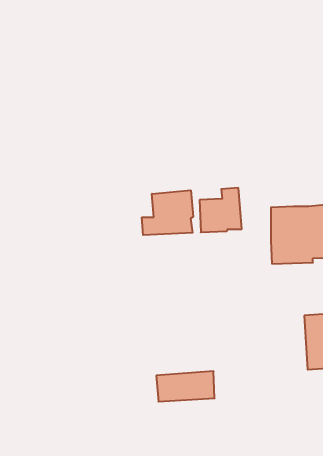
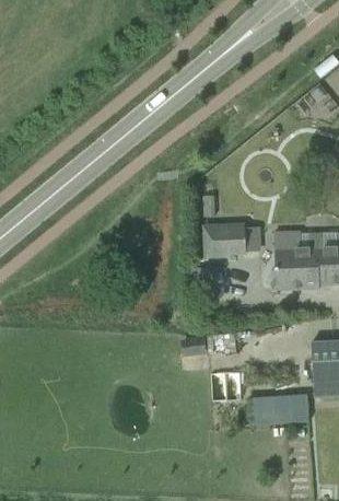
building: [142,190,193,235] -> none
building: [156,371,215,402] -> [249,394,308,424]

